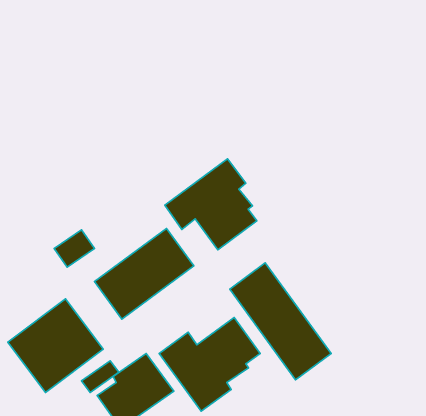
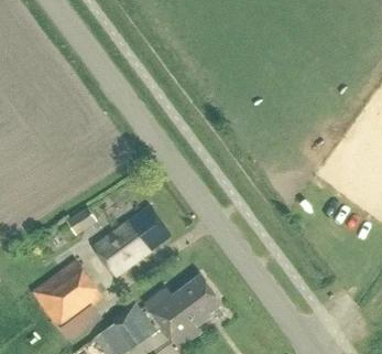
building: [165,159,257,250] -> none
building: [230,263,331,380] -> none

